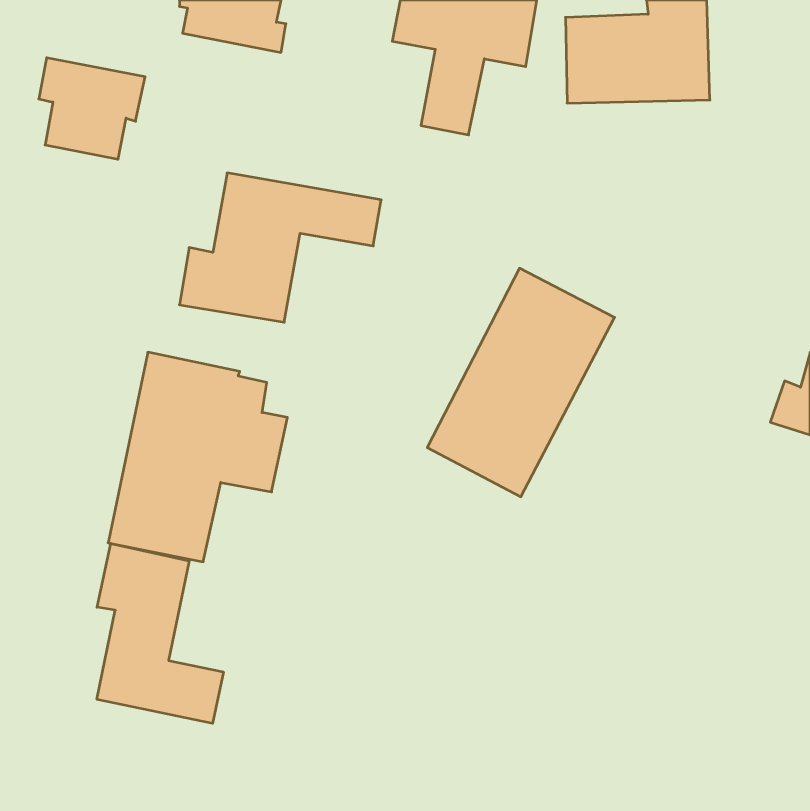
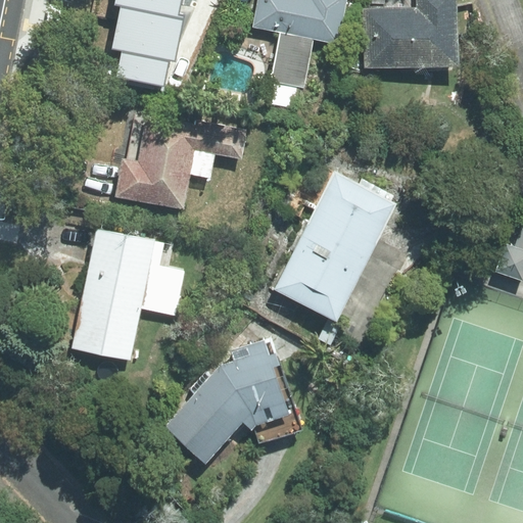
building: [39,58,145,159] -> [112,21,181,87]
building: none -> [167,338,301,464]
building: [97,543,223,723] -> none

